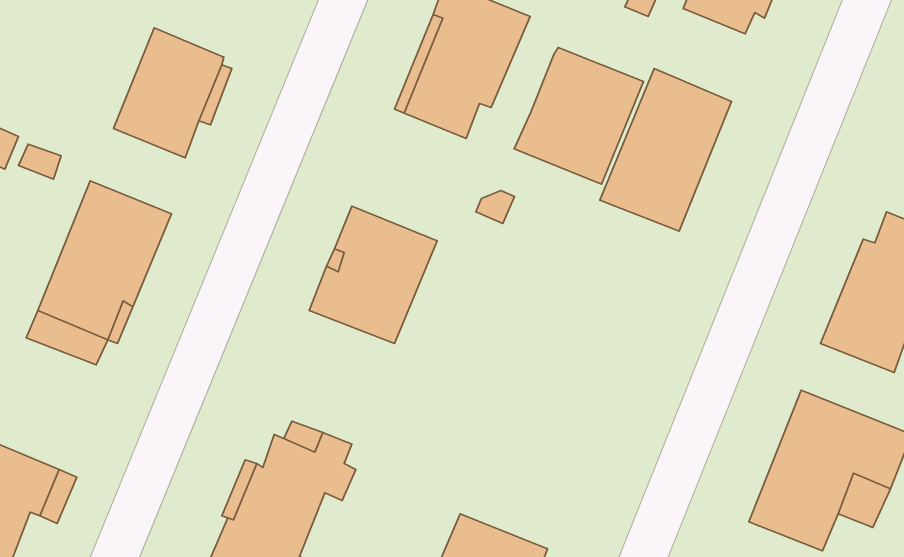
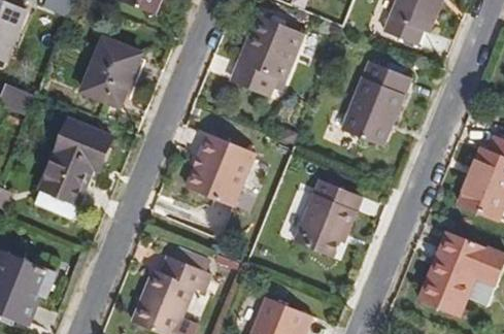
building: [514,48,643,184] -> none
building: none -> [294,178,362,258]

